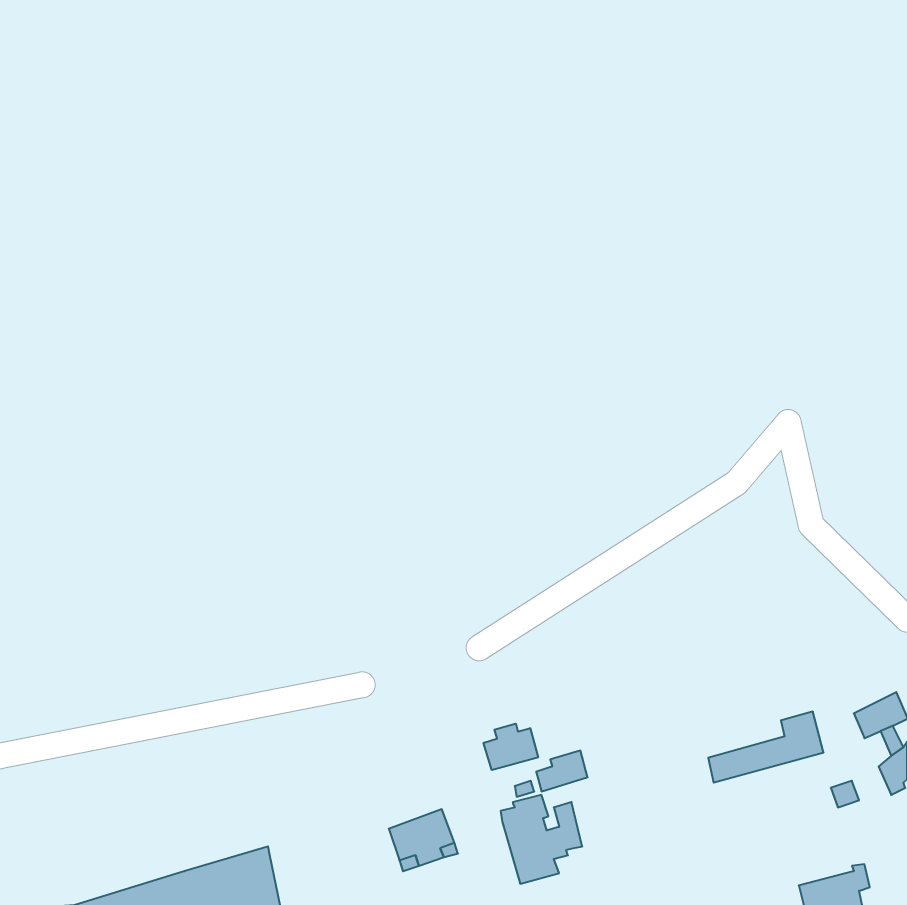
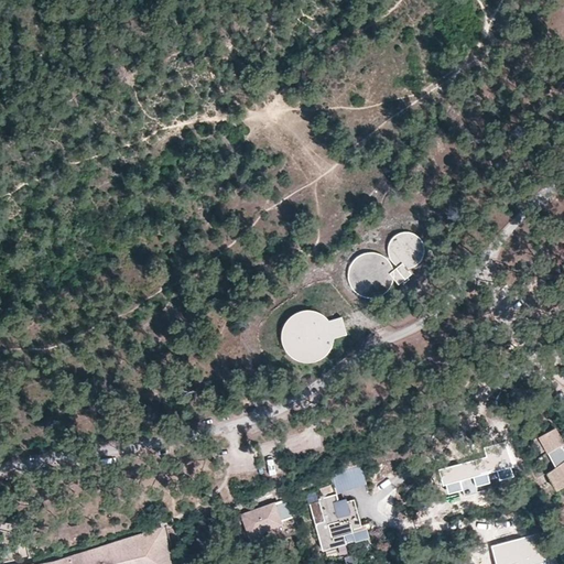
building: none -> [346,232,424,297]
building: none -> [282,311,347,361]
building: [484,724,538,770] -> none

